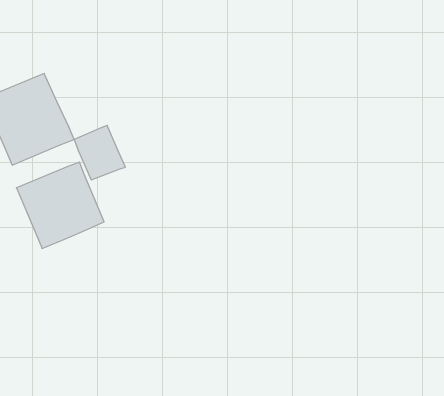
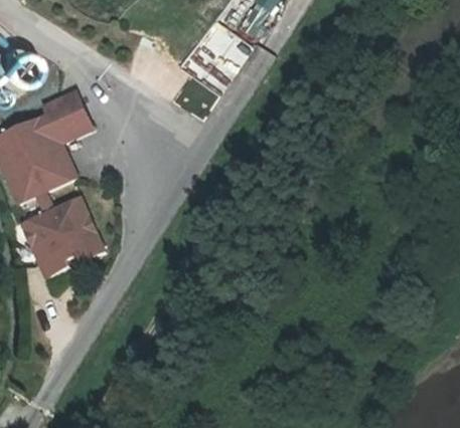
building: [74,125,125,180] -> [43,89,92,141]

